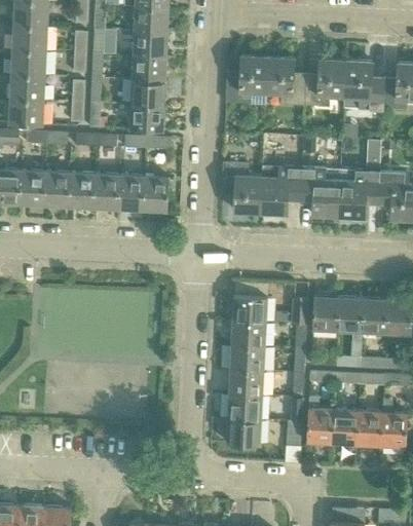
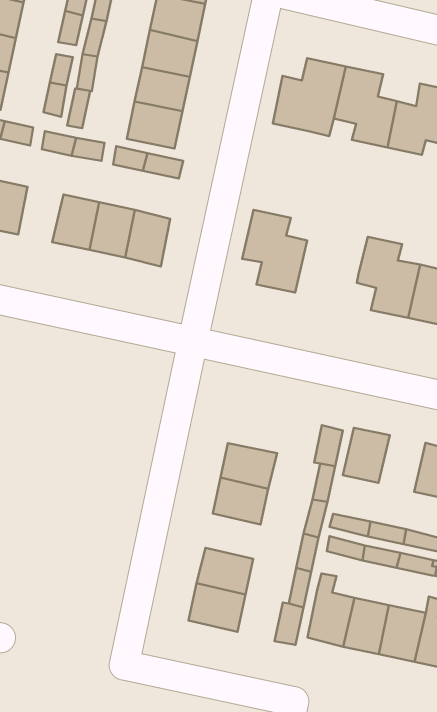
building: [260,166,302,214] -> none
building: [69,173,95,206] -> none
building: [232,295,267,322] -> none
building: [337,297,364,340] -> none
building: [229,369,263,394] -> none

